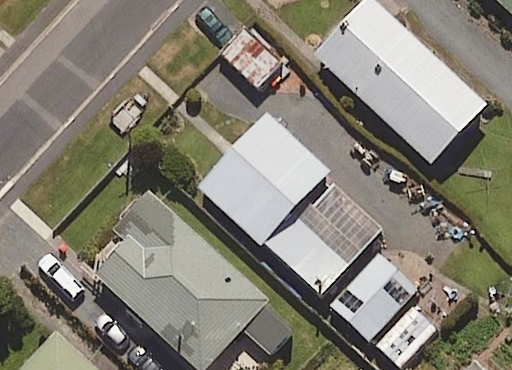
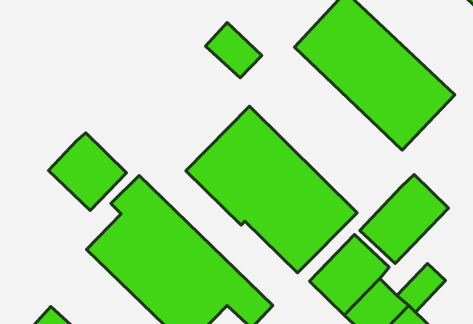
building: none -> [48,133,127,210]
building: none -> [360,175,448,264]

